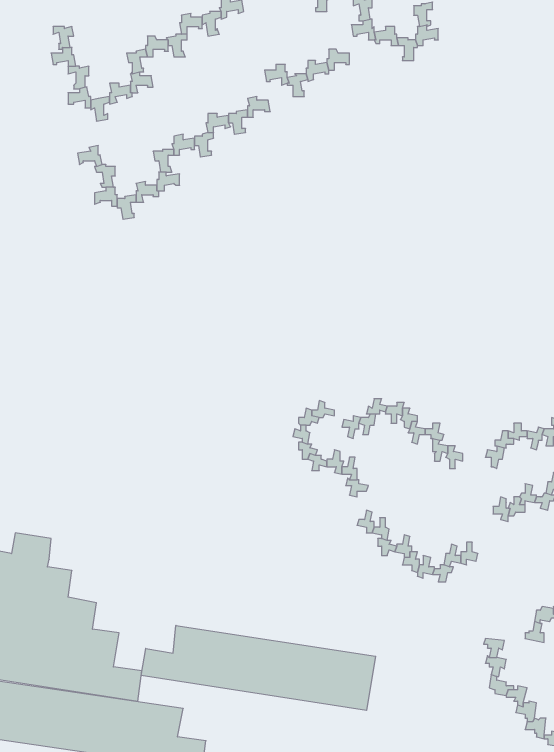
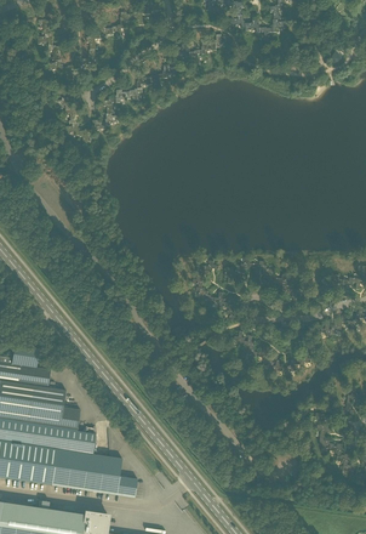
building: [141,625,376,710] -> none

